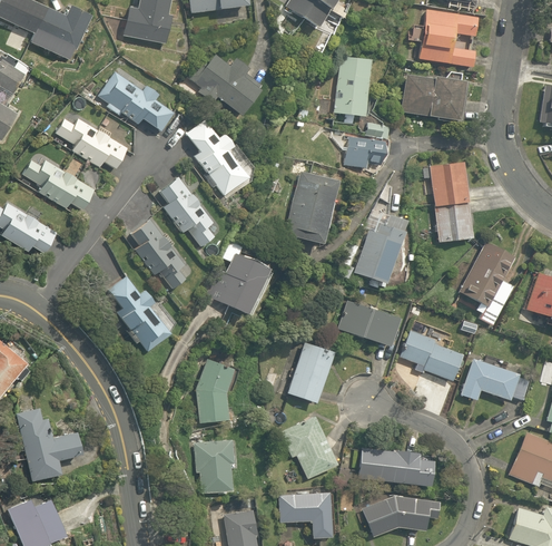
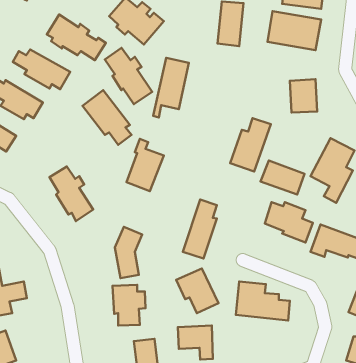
building: [347,137,381,177] -> none
building: [286,173,334,253] -> [153,58,189,118]
building: [434,204,471,240] -> none
building: [132,221,187,292] -> none
building: [339,300,398,345] -> [261,161,304,195]
building: [358,493,435,537] -> none

